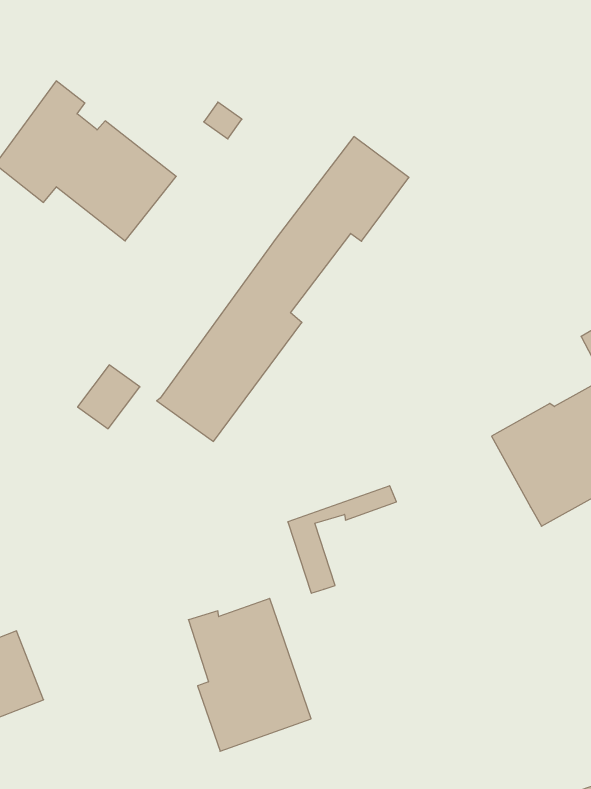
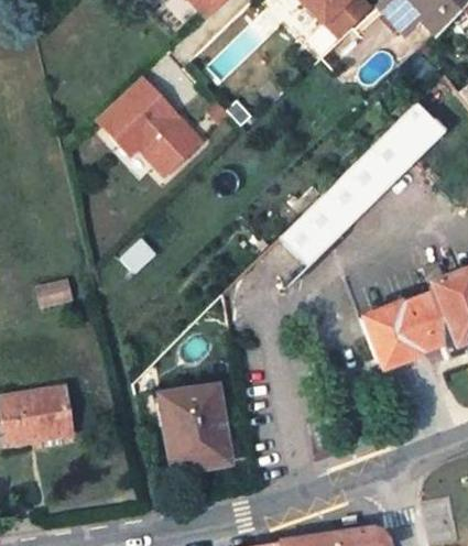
building: [157,137,409,441] -> [279,102,444,263]
building: [288,486,396,593] -> [155,379,219,433]

